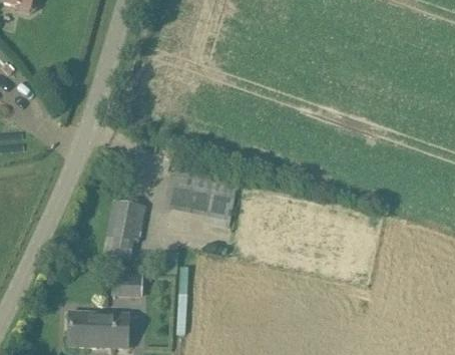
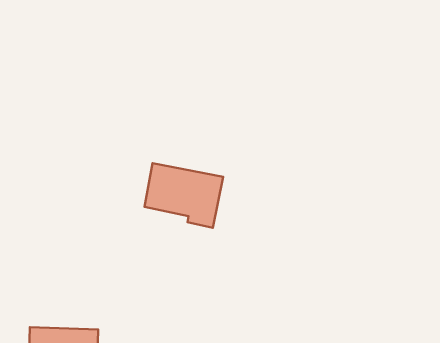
building: [104,203,144,258] -> none
building: [111,272,142,294] -> none

